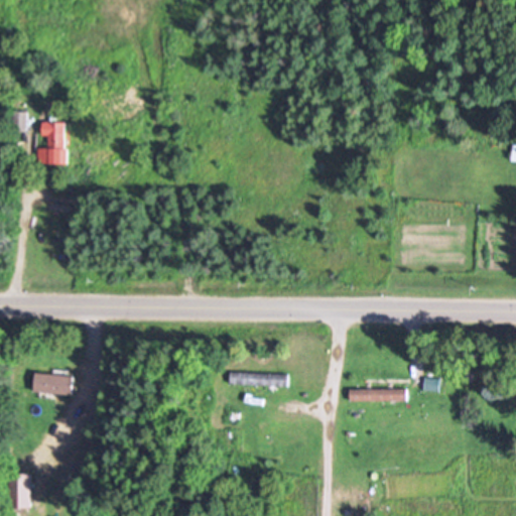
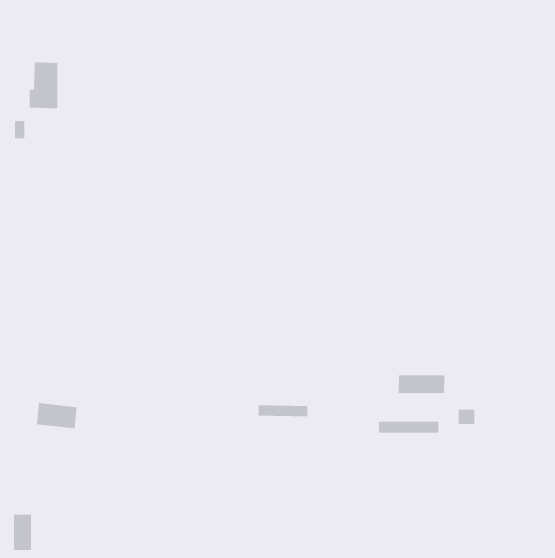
building: [37,122,64,165] -> [29,62,58,109]
building: none -> [398,375,445,394]

